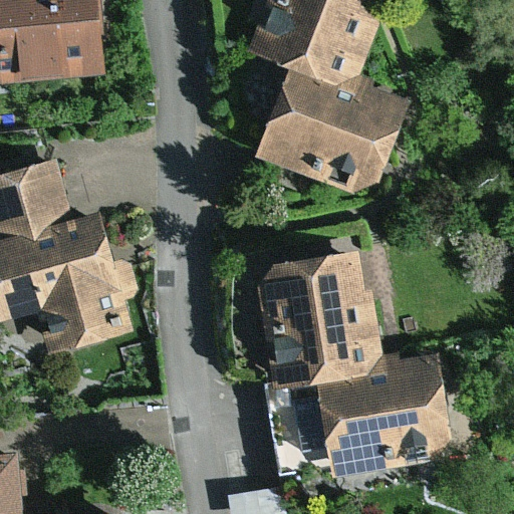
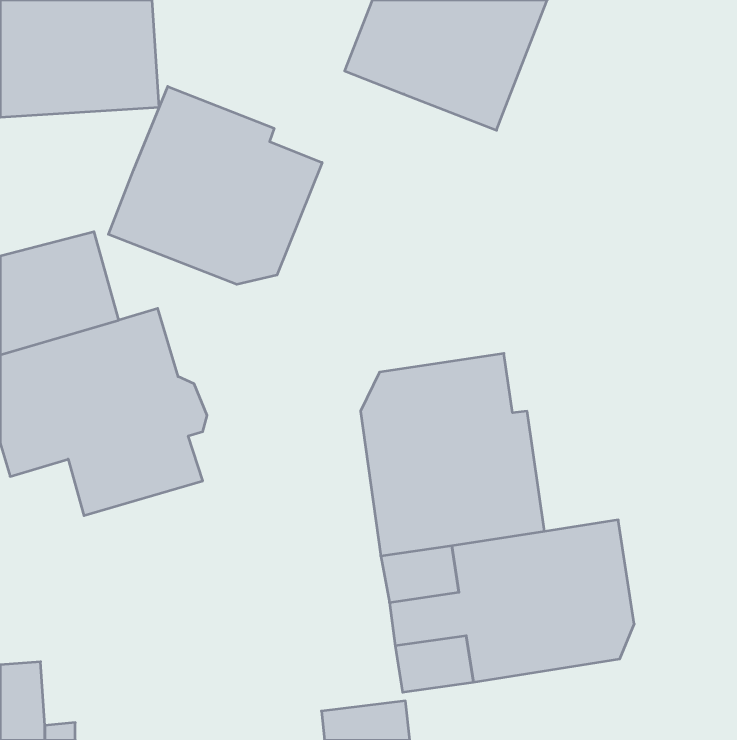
building: none -> [108,86,322,284]
building: [248,65,402,190] -> none

